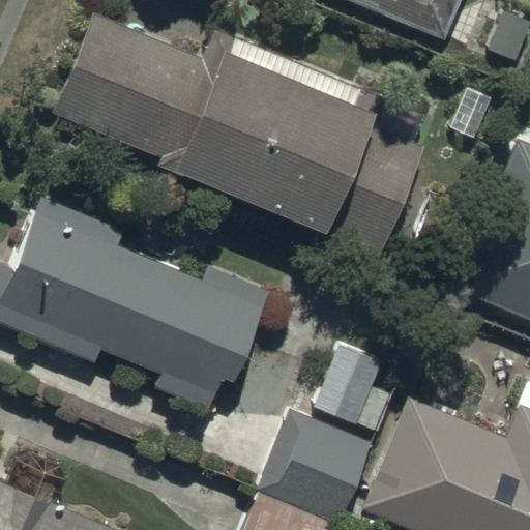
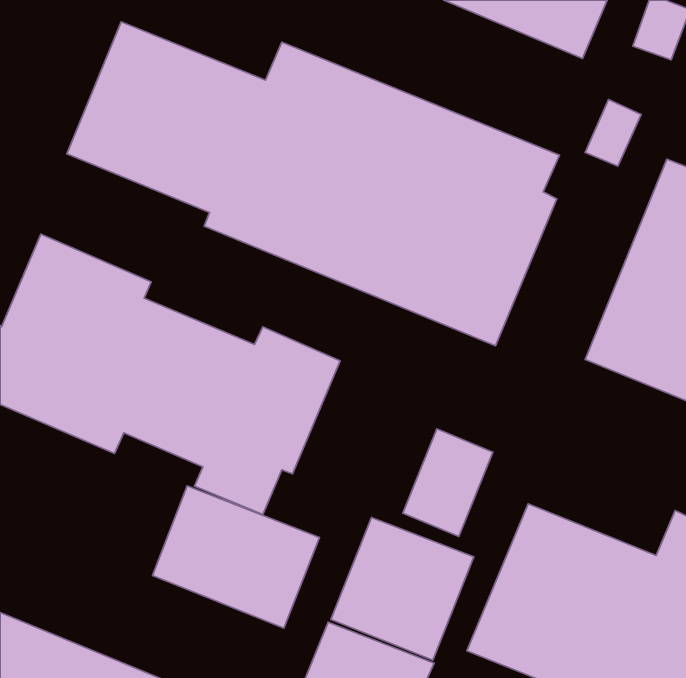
building: none -> [152,486,319,628]

